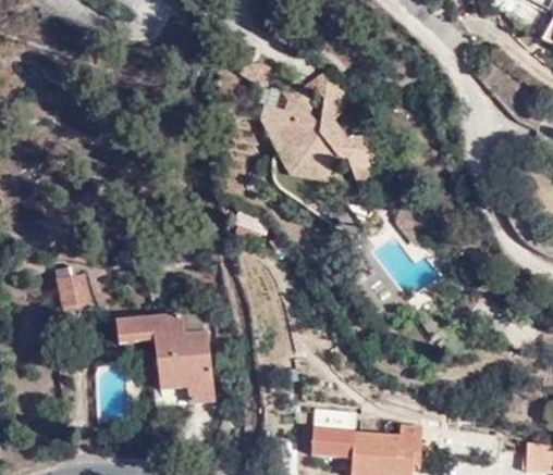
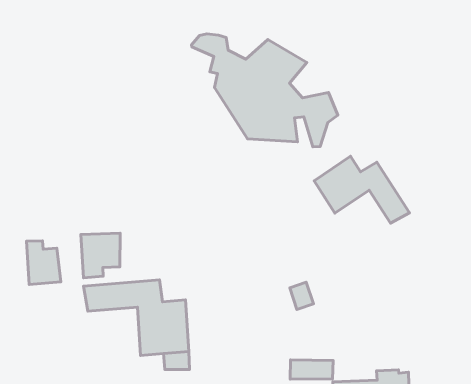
building: none -> [314,156,409,223]
building: none -> [81,233,120,278]

